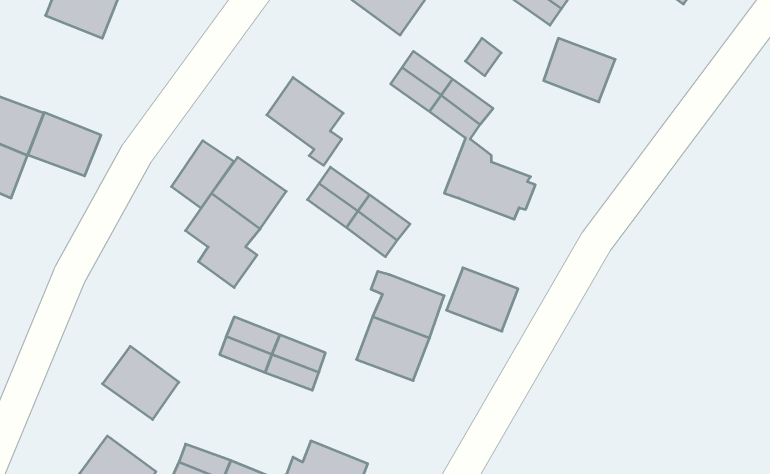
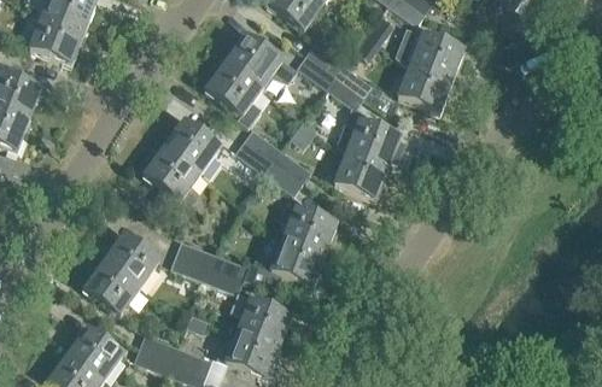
building: none -> [224,35,291,88]
building: none -> [398,64,451,111]
building: [28,112,101,176] -> [29,16,83,63]
building: [171,141,234,208] -> none
building: [446,268,518,331] -> [335,151,388,198]
building: none -> [104,234,159,287]
building: none -> [229,293,292,347]

